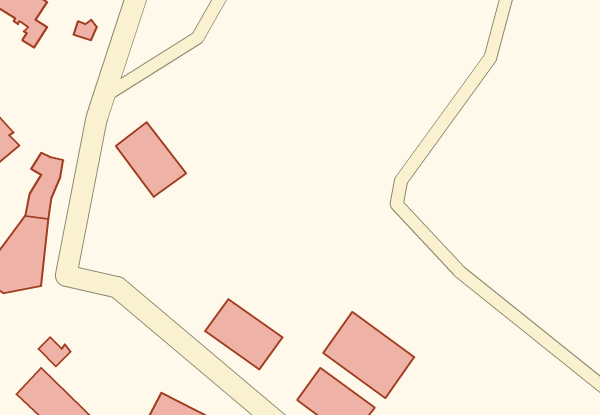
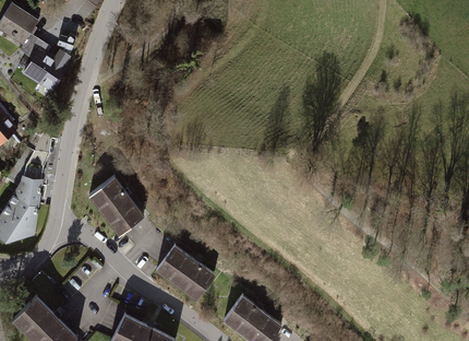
building: none -> [23,40,70,93]
building: [116,122,186,197] -> [89,177,142,233]
building: [323,312,414,398] -> none

